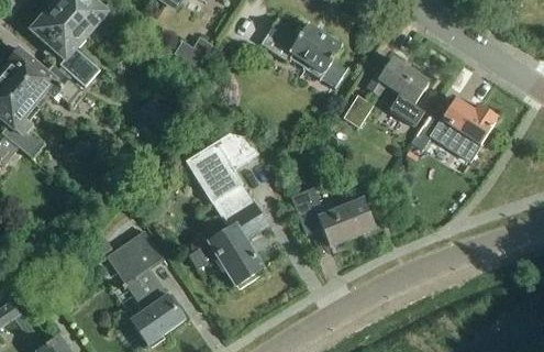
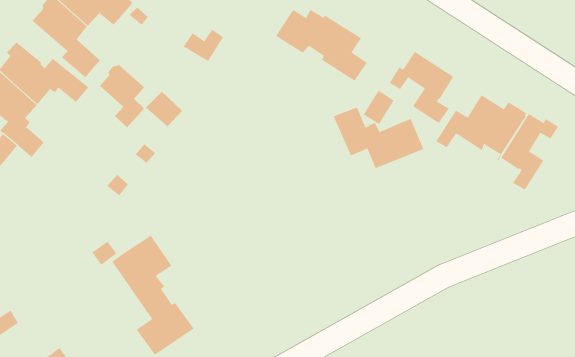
building: none -> [99,64,145,128]
building: none -> [501,113,559,191]
building: [187,132,267,284] -> none
building: [290,187,376,245] -> [333,107,424,169]

